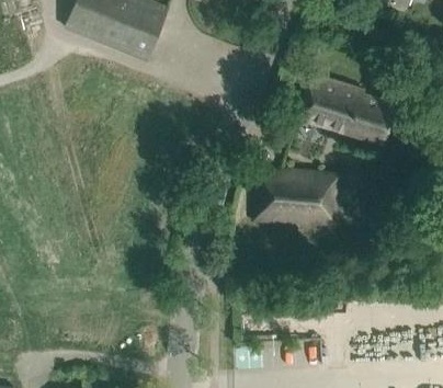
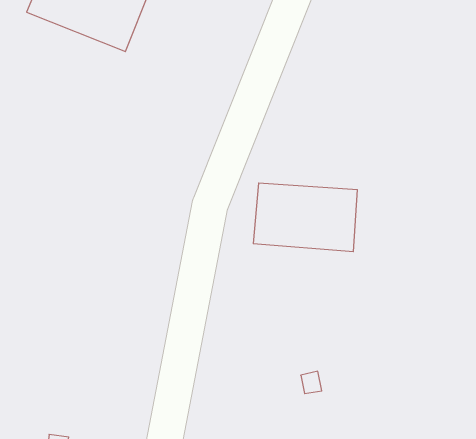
building: [296,76,394,147] -> none

